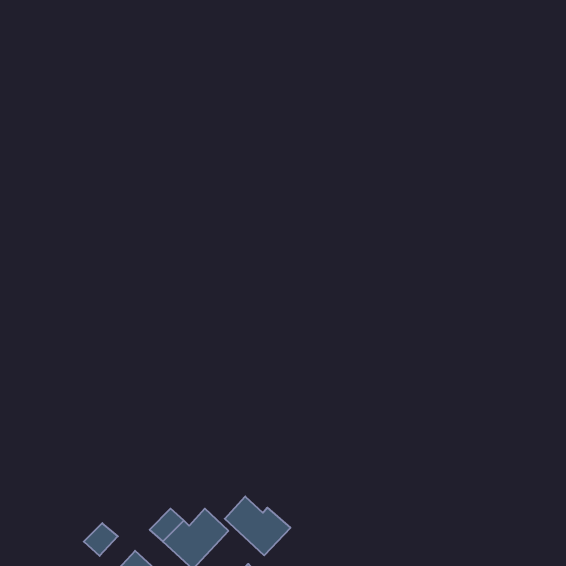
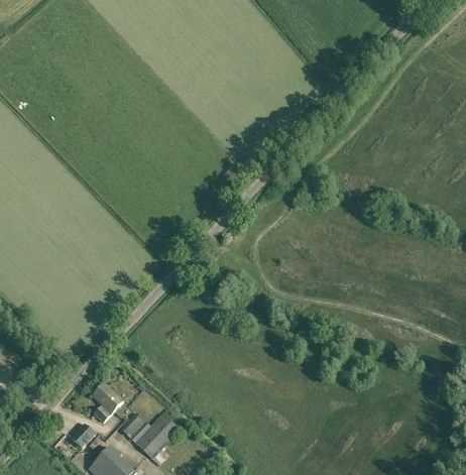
building: none -> [92,383,122,423]
building: [225,496,290,555] -> none

